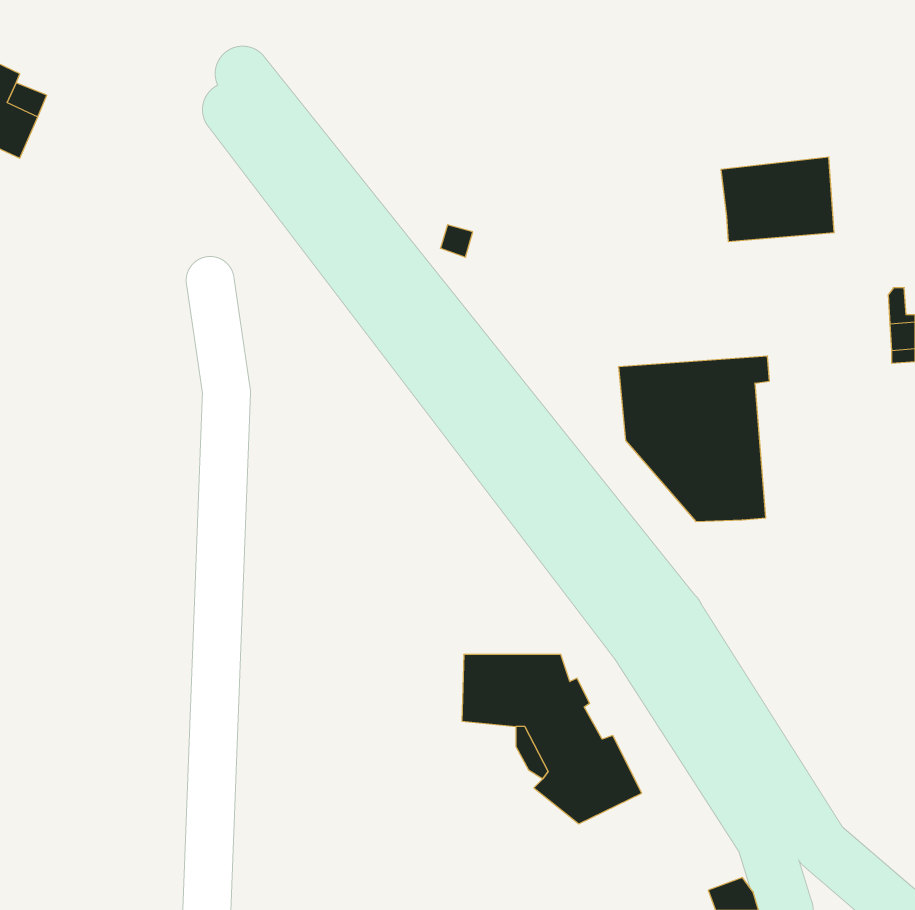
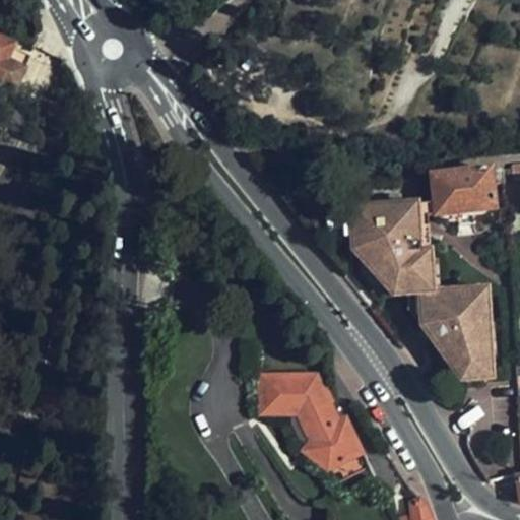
building: [721,157,834,242] -> [431,168,495,215]
building: none -> [419,289,492,380]

